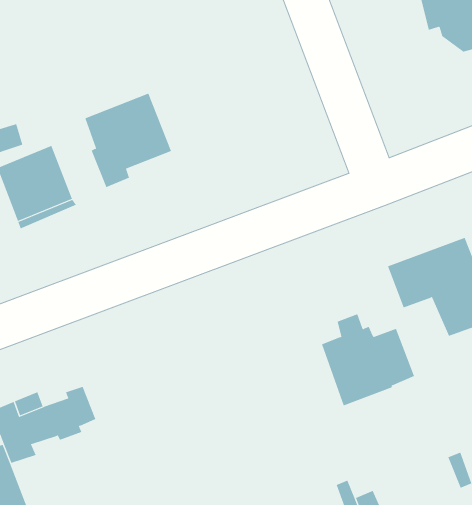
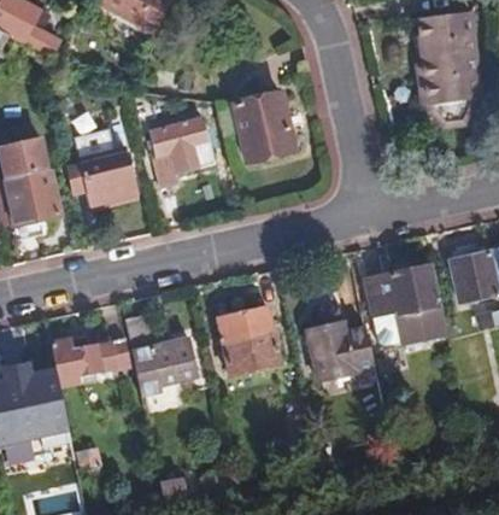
building: none -> [233,93,293,162]
building: none -> [216,306,280,381]
building: none -> [121,314,198,393]

